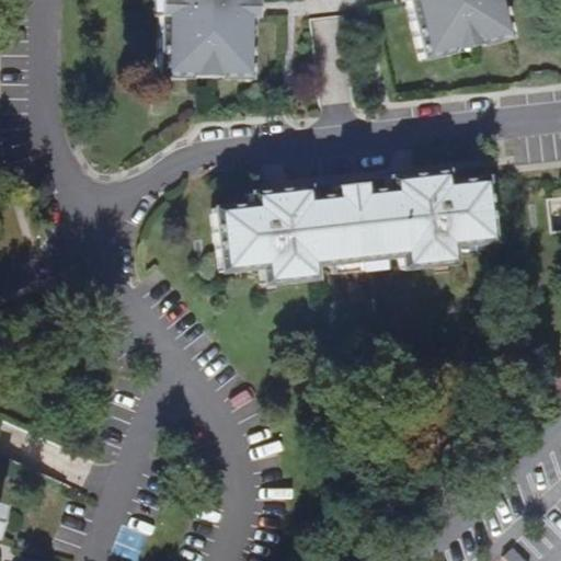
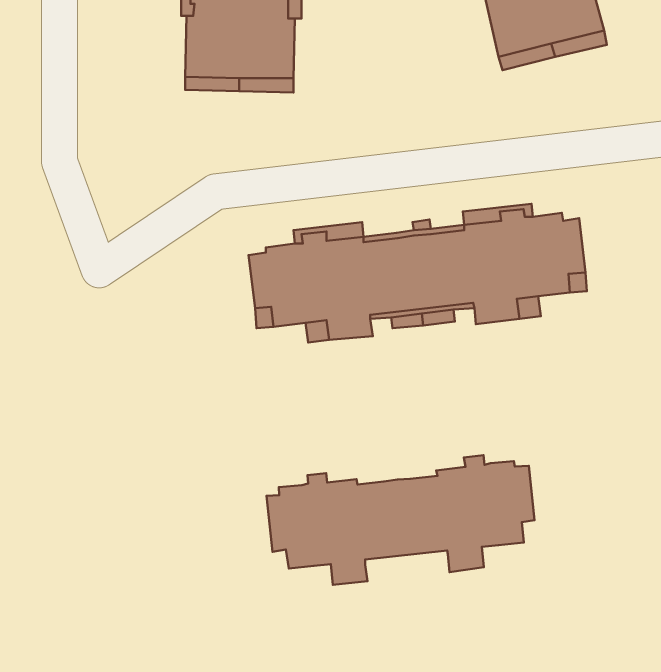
building: none -> [267,455,534,585]

